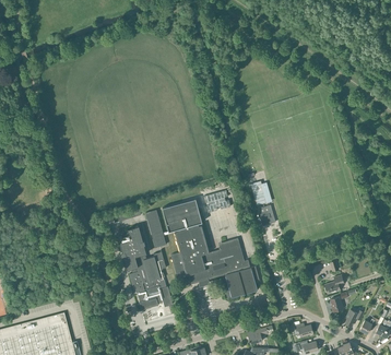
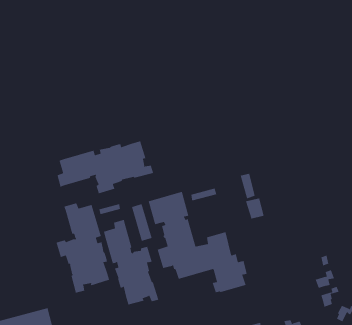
building: none -> [57,140,154,194]
building: none -> [56,202,110,294]

